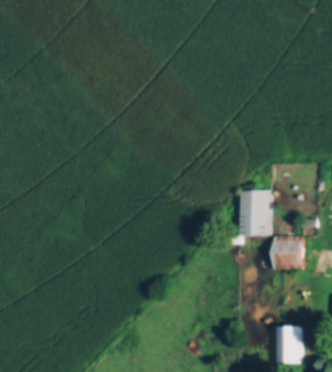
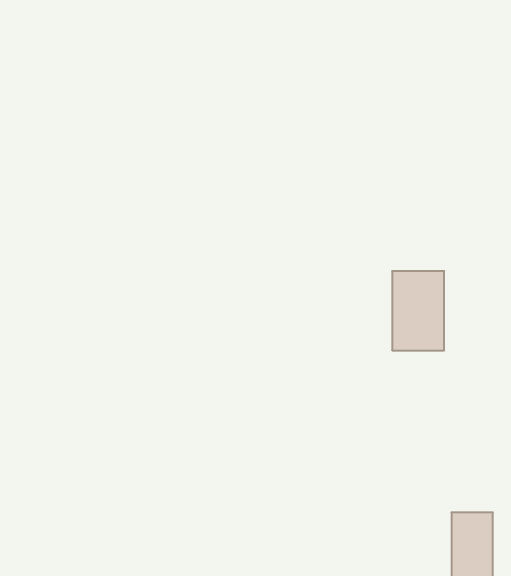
building: [276,236,304,268] -> none

